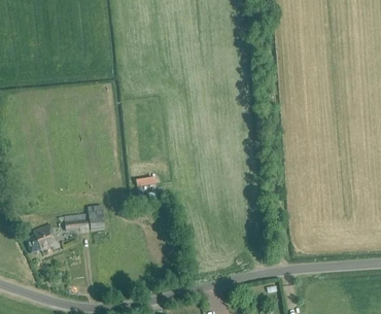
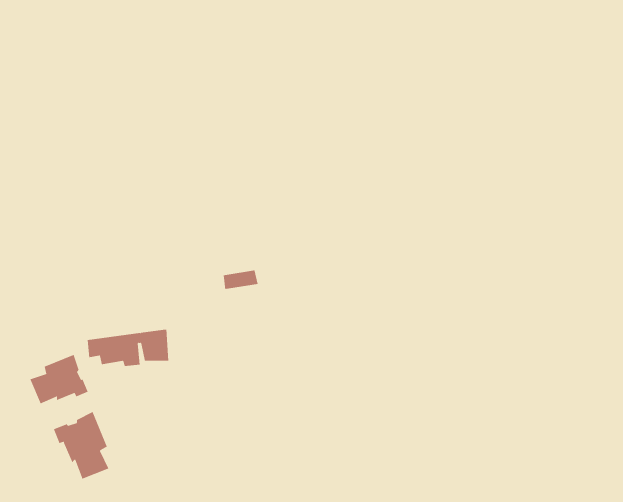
building: none -> [53,411,109,480]

